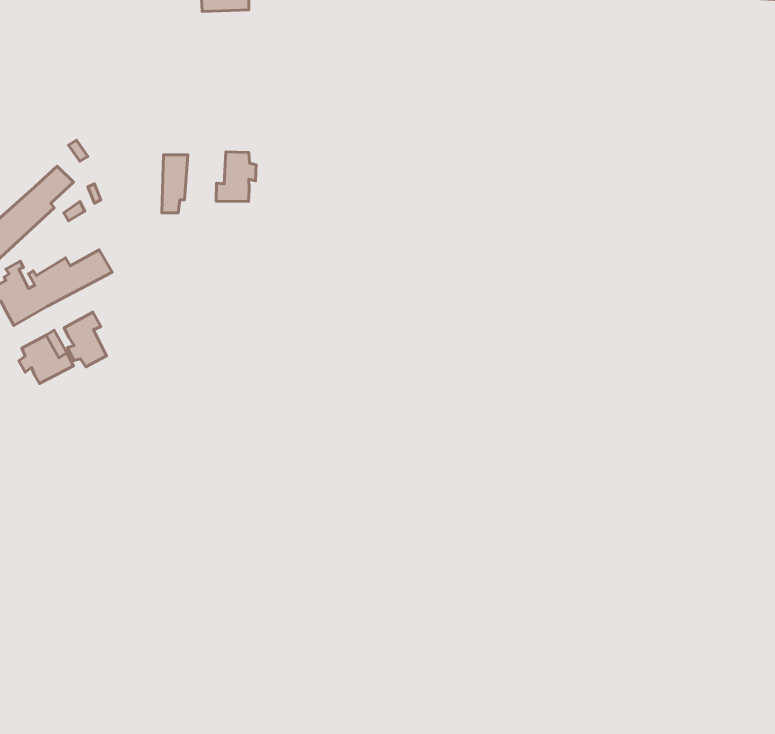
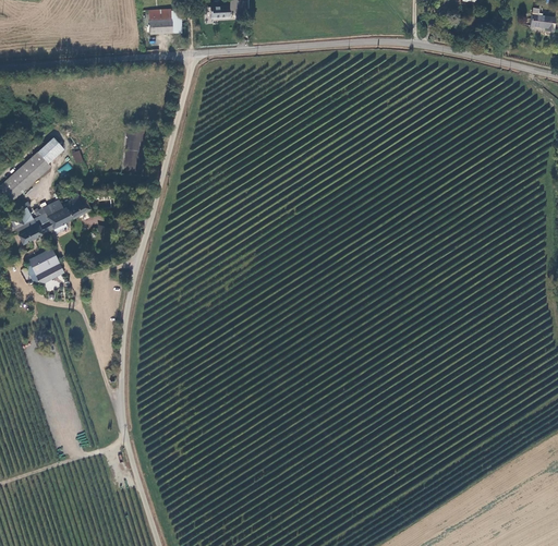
building: [216,152,256,202] -> none
building: [64,312,107,367] -> none

